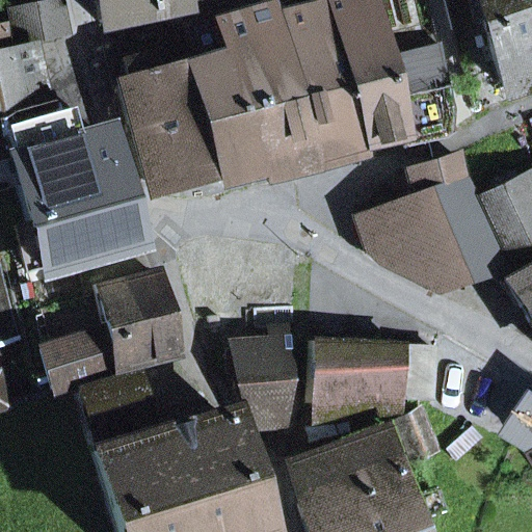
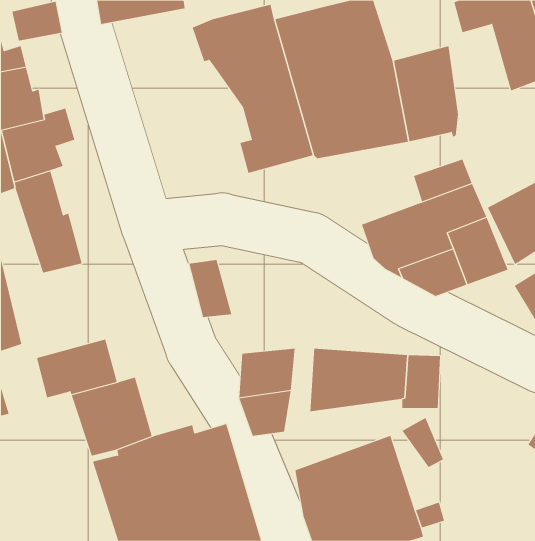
building: [121,53,252,192] -> none
building: [56,130,134,259] -> none
building: [99,272,178,371] -> none

